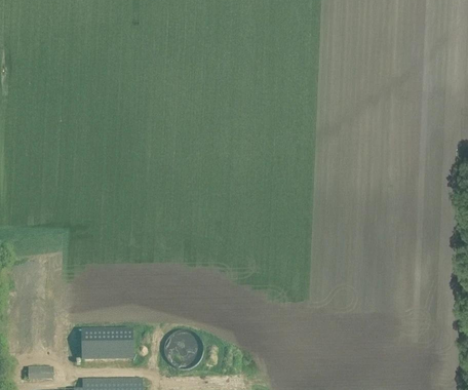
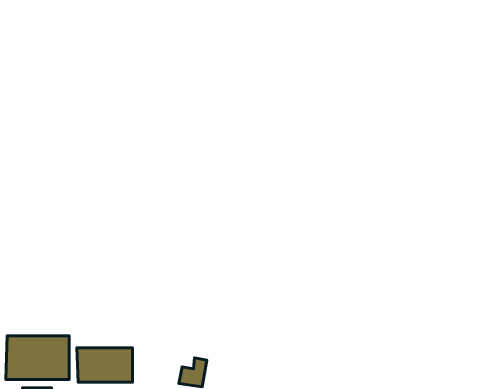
building: none -> [6,336,69,379]

